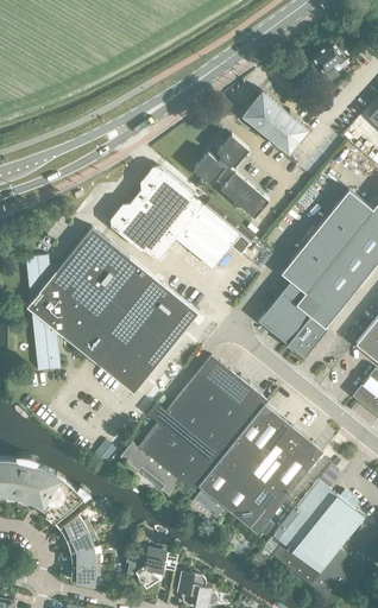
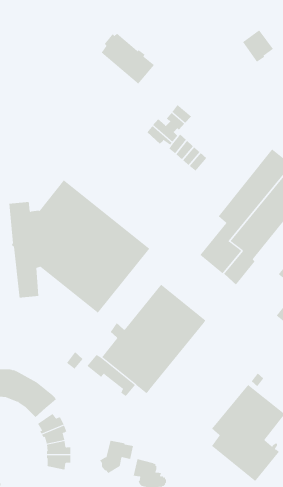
building: [242,91,309,154] -> [101,33,155,84]
building: [113,170,254,270] -> none
building: [193,405,323,533] -> none

